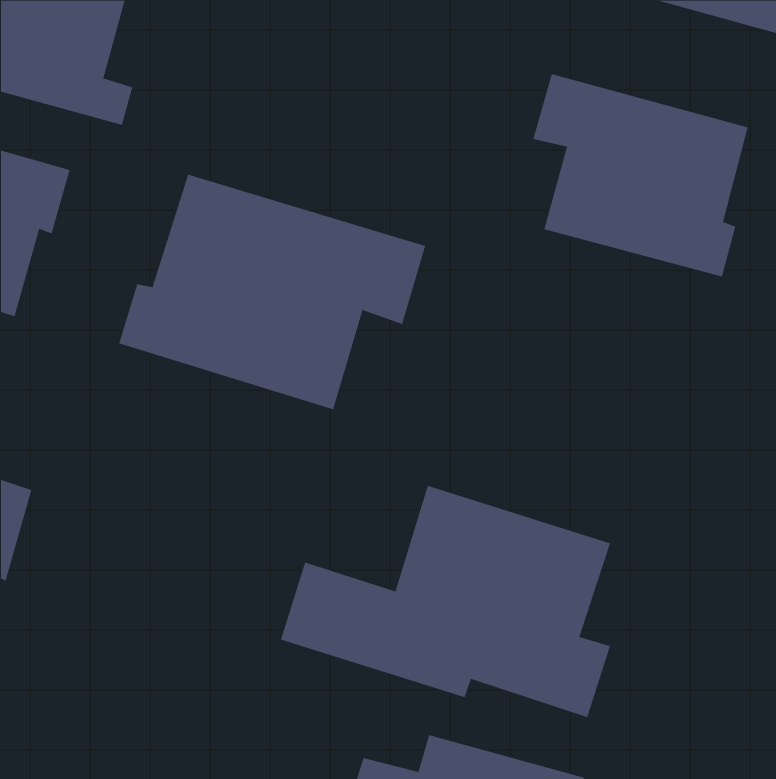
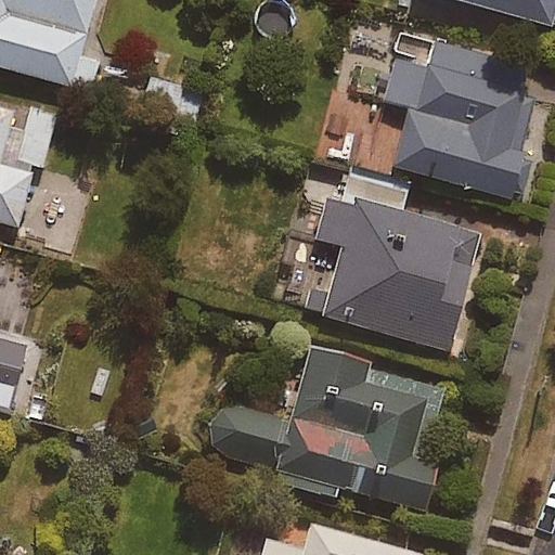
building: [119,174,426,410] -> none
building: none -> [310,171,478,349]

